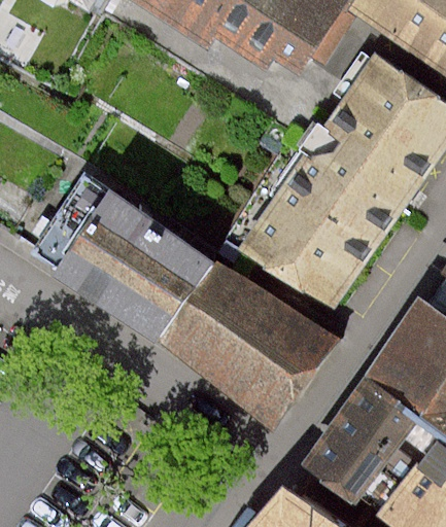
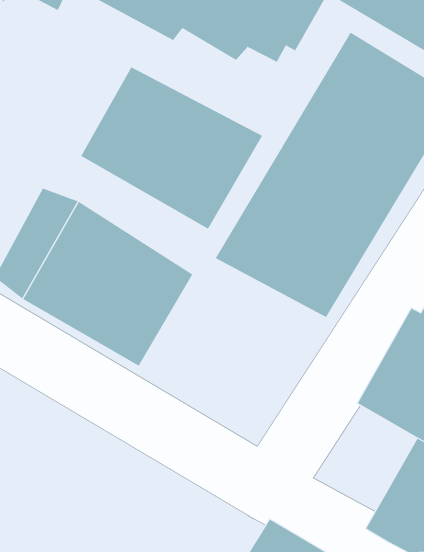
building: none -> [81,66,263,230]
building: [162,260,342,421] -> none
building: [304,387,410,501] -> none

